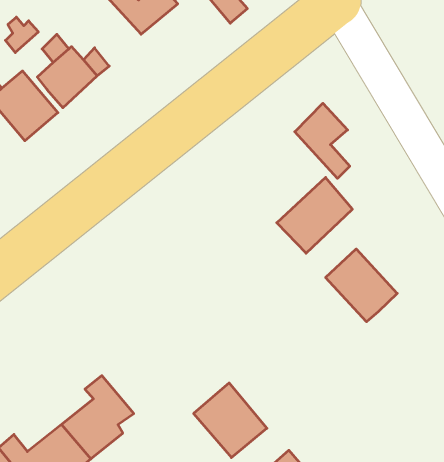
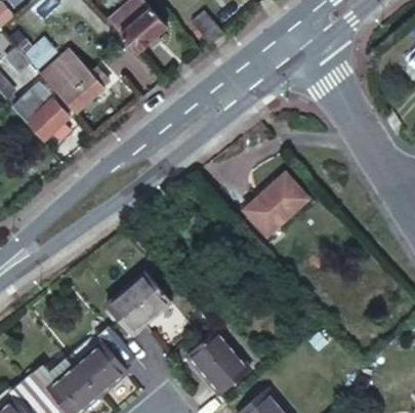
building: [295,103,350,178] -> none
building: [326,249,397,322] -> none
building: none -> [97,276,162,338]

